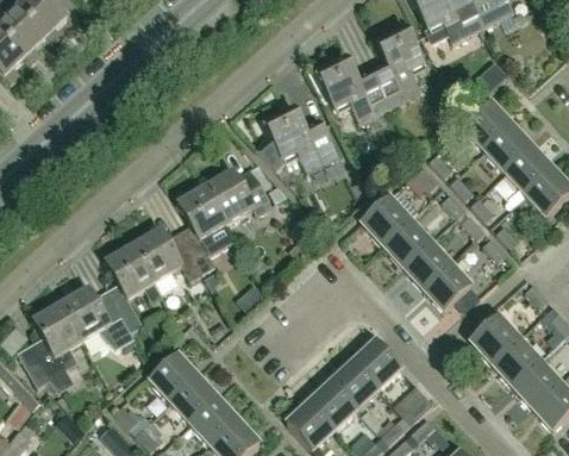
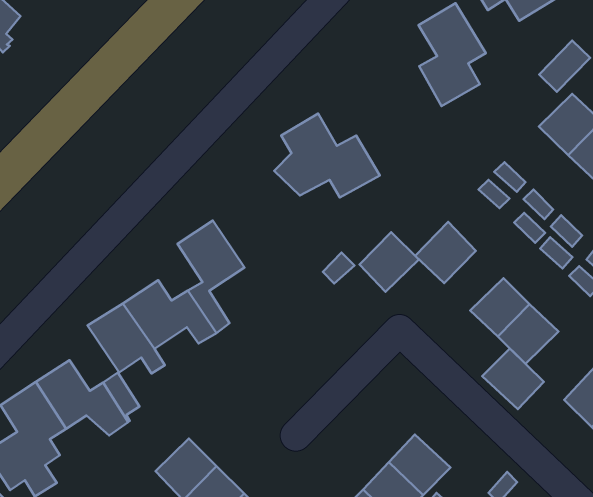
building: [315,55,389,120] -> none
building: [206,168,271,221] -> none
building: [383,219,430,266] -> [359,232,419,292]
building: [354,339,401,387] -> [482,349,544,409]

